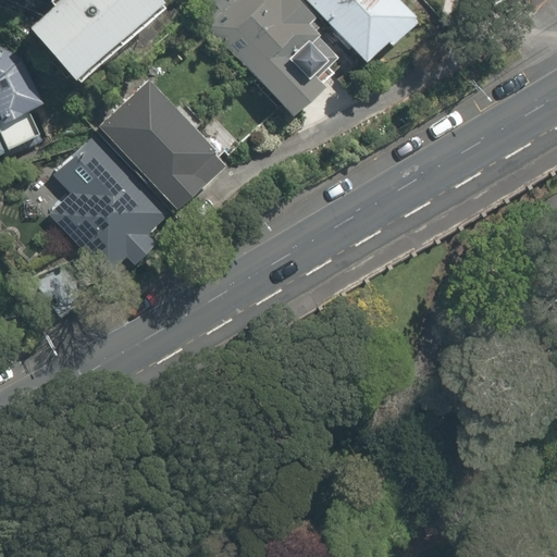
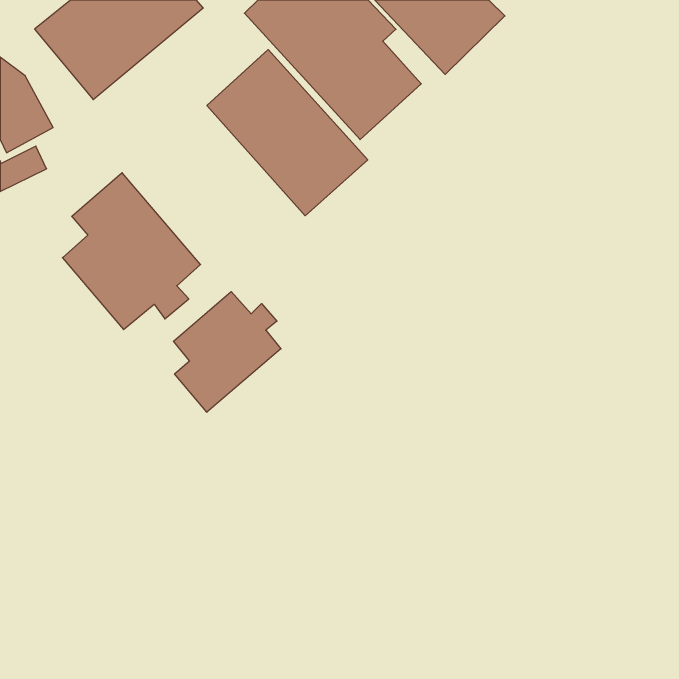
building: [97,78,228,214] -> [207,50,368,216]
building: none -> [174,292,281,412]

